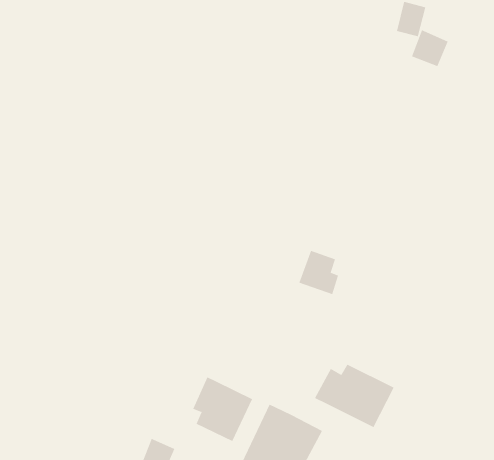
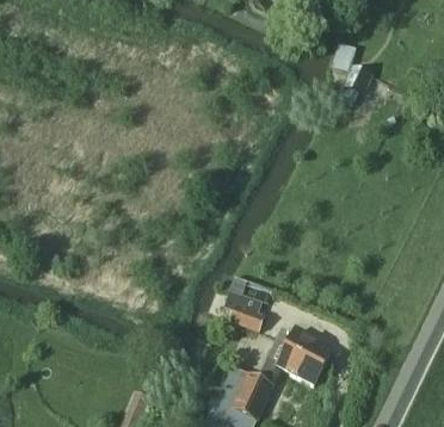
building: [299,250,339,295] -> [232,295,264,330]
building: [192,377,253,442] -> none

